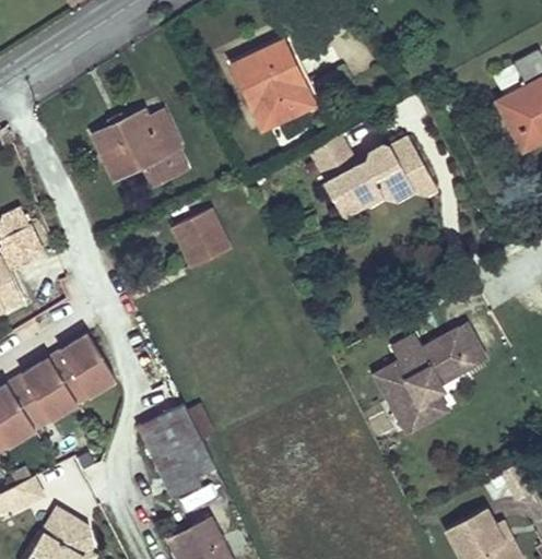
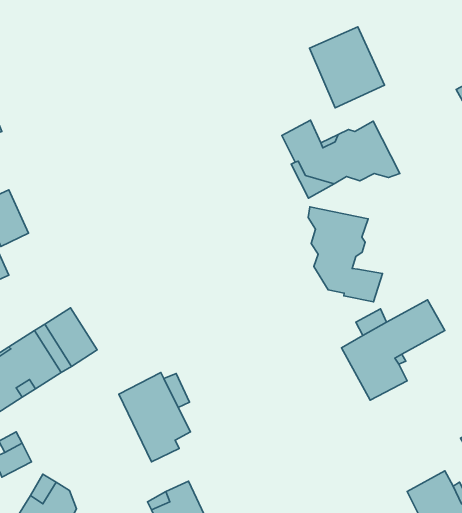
building: [233,41,313,128] -> [309,27,384,108]
building: [94,110,188,187] -> none
building: [173,209,229,269] -> none
building: none -> [308,207,383,302]

